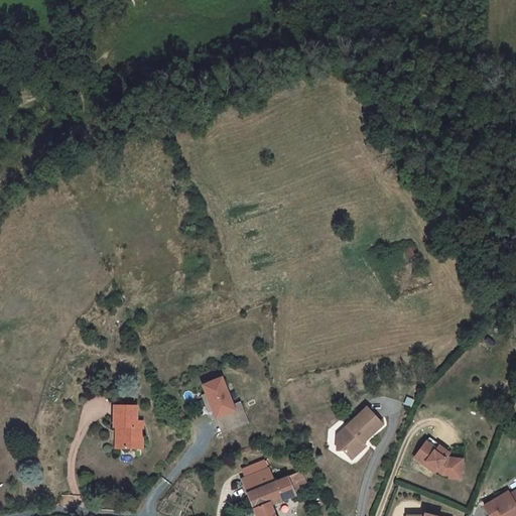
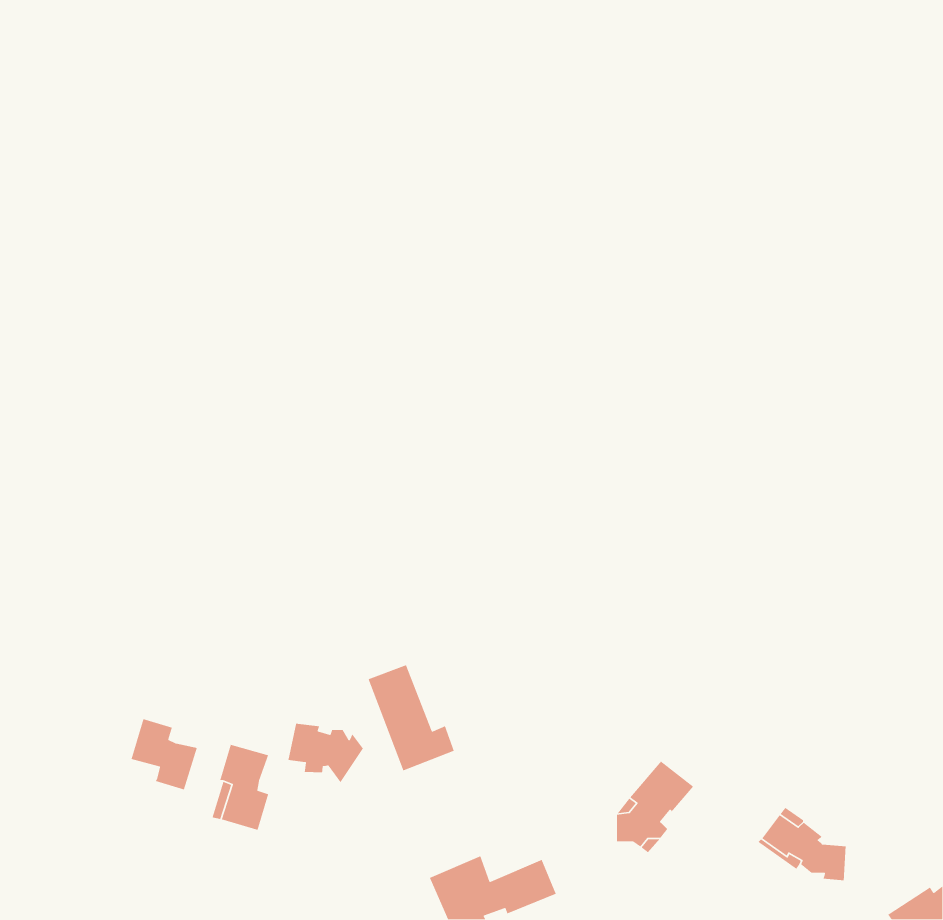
building: none -> [131,718,198,791]
building: none -> [288,723,364,784]

